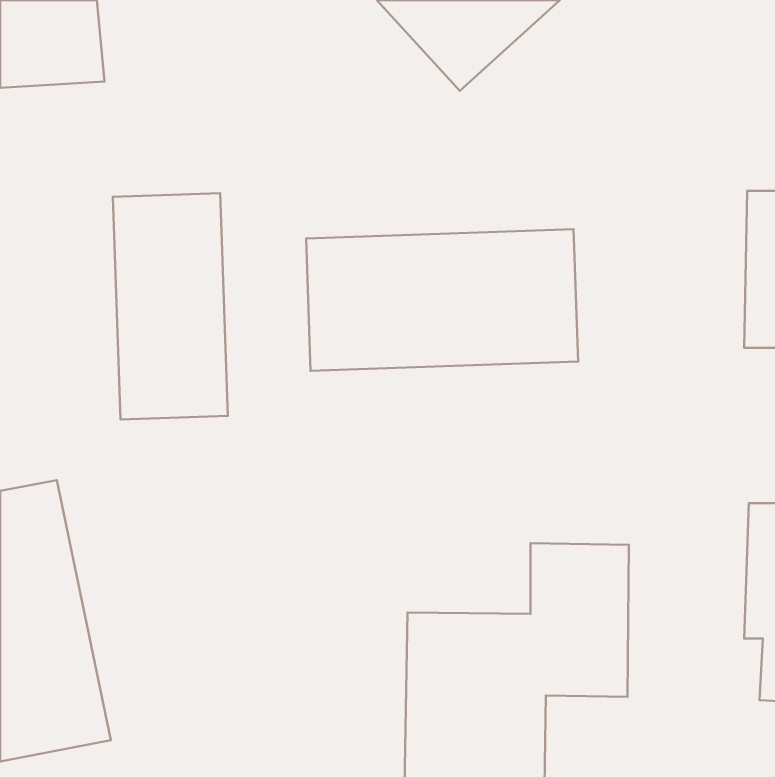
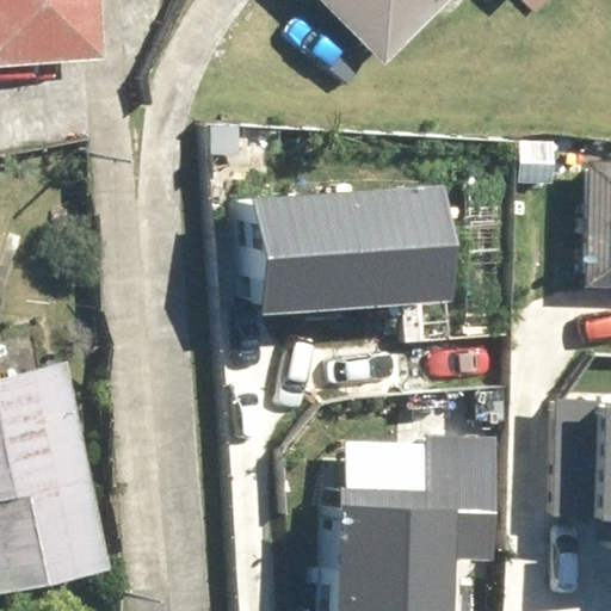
building: [113,193,228,419] -> none

